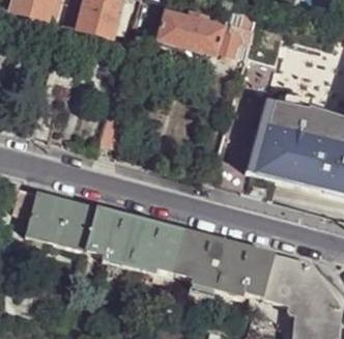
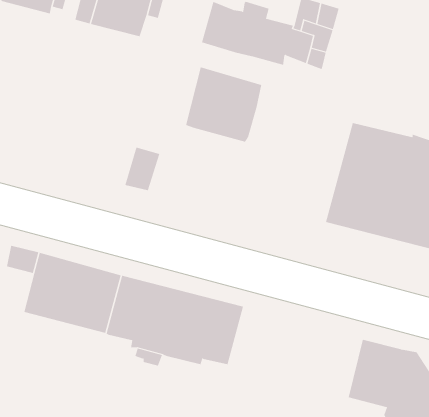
building: none -> [185,67,262,143]
building: [175,230,273,296] -> none

